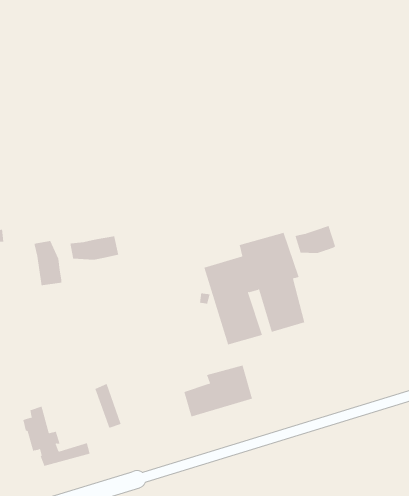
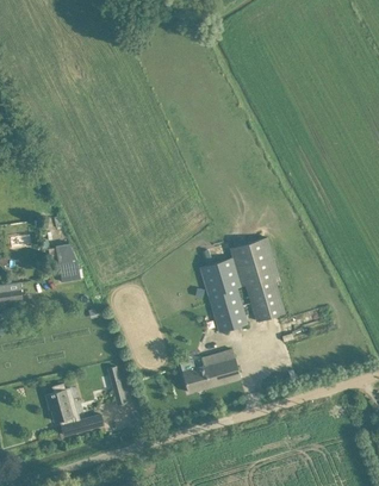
building: [295,225,336,254] -> none
building: [70,235,119,261] -> none

